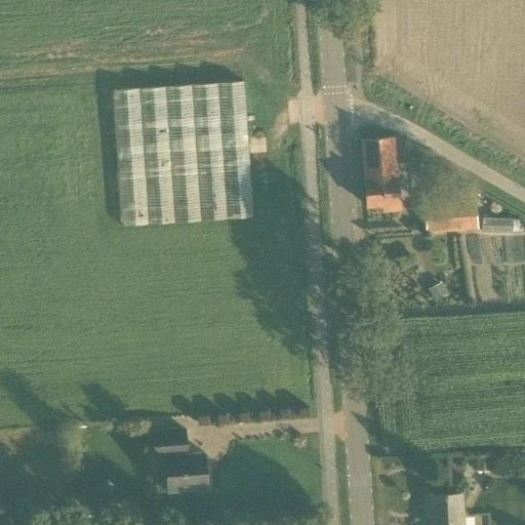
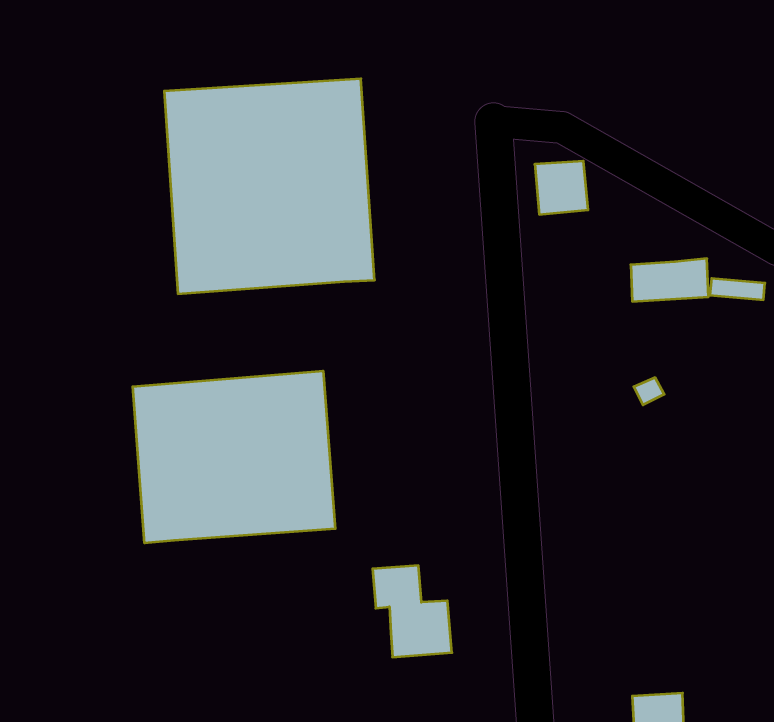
building: [364,170,400,211] -> none
building: none -> [133,371,335,543]
building: [154,430,207,491] -> [373,566,452,657]

